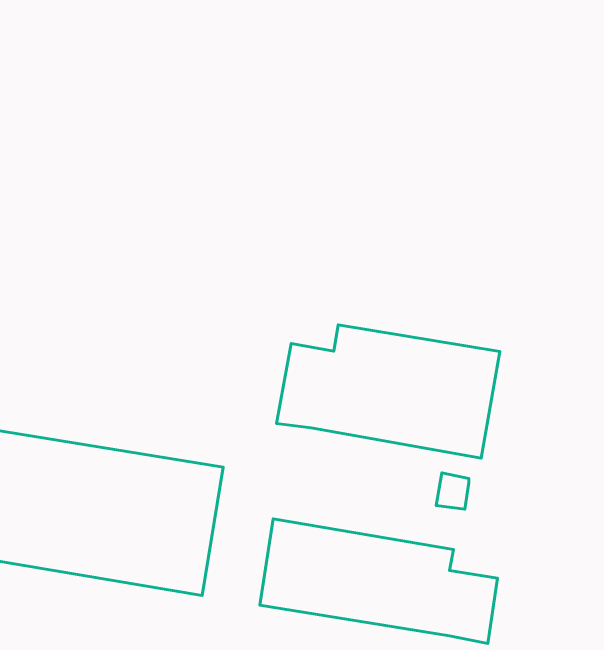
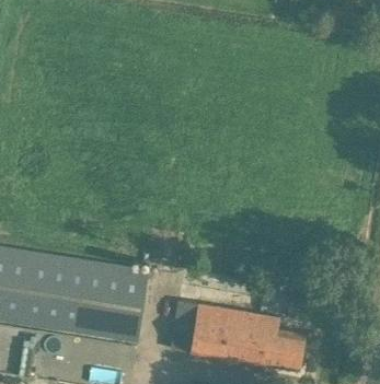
building: [276,325,500,458] -> none

